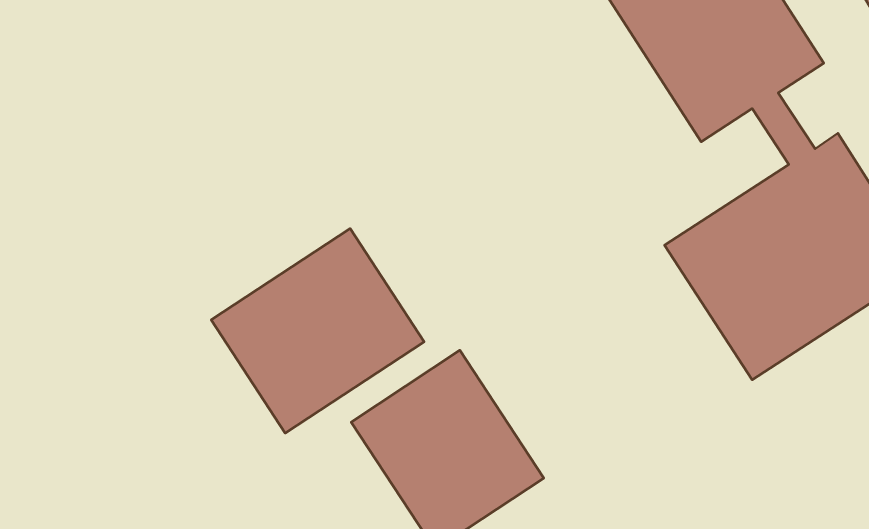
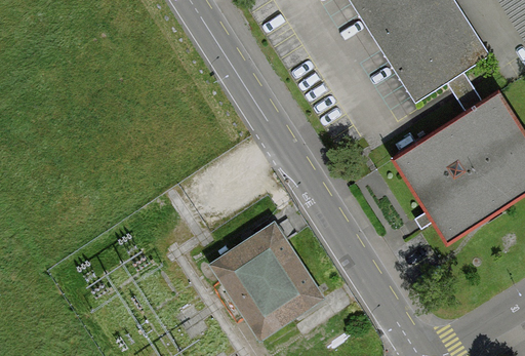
building: [211,229,424,433] -> none

